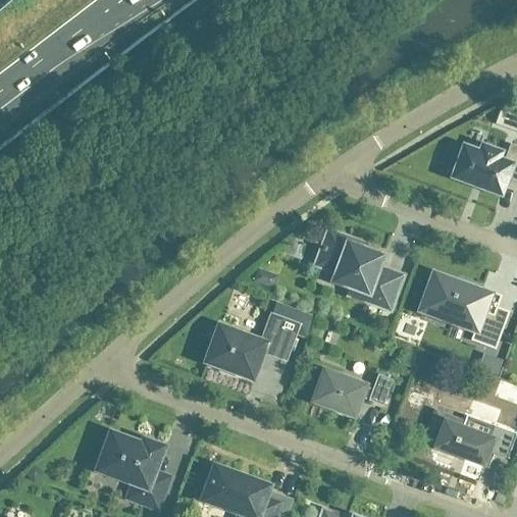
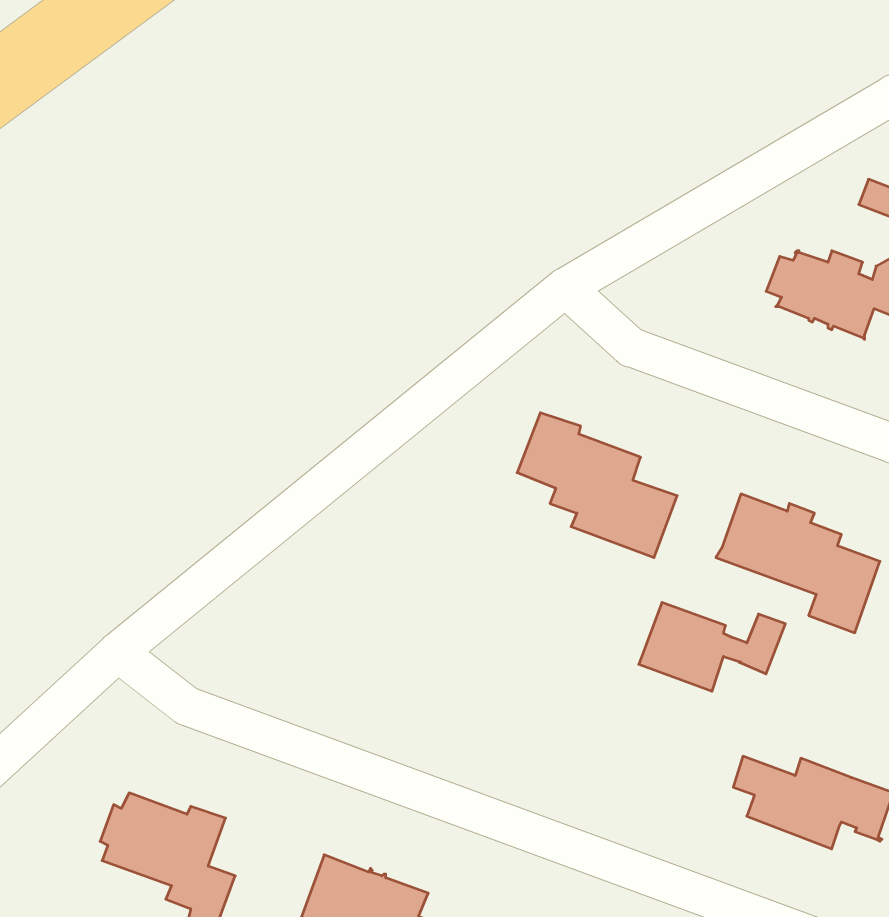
building: [207,313,301,378] -> none
building: [315,368,393,415] -> [639,602,785,691]

